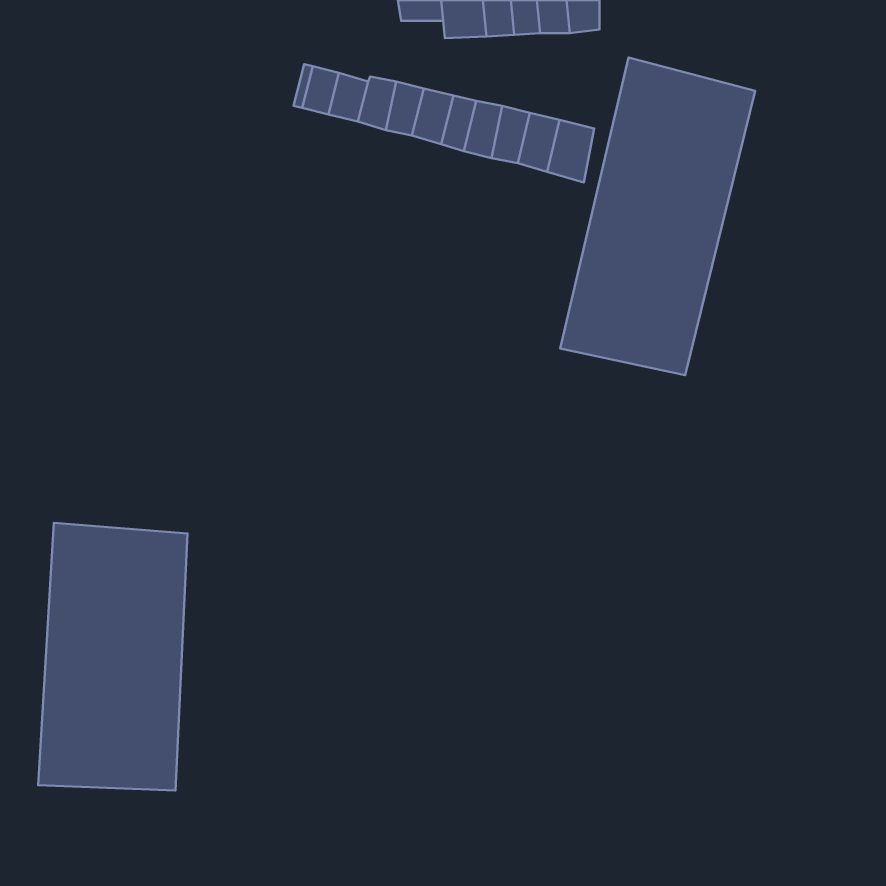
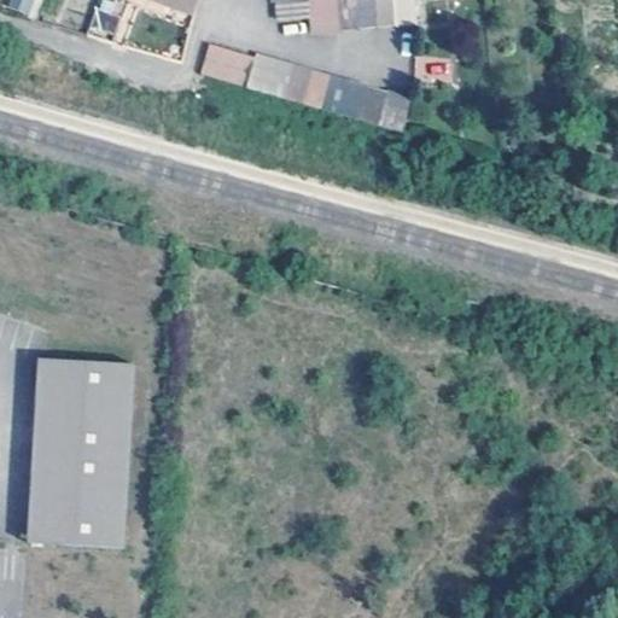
building: [560,58,755,375] -> none

